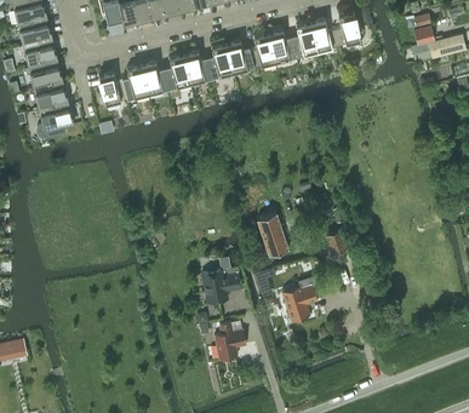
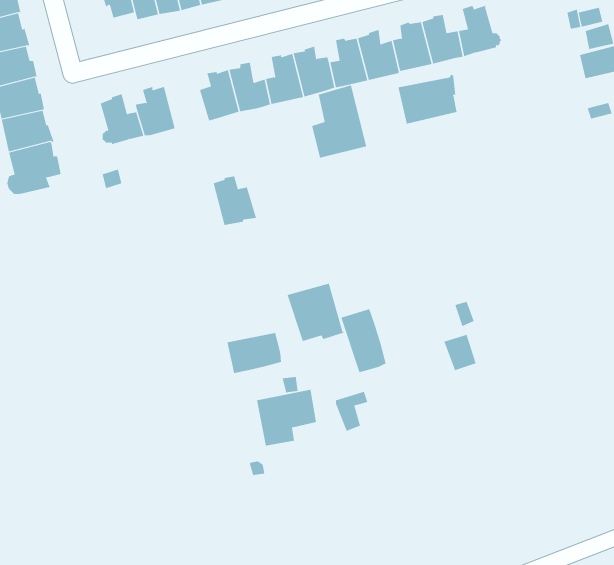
building: none -> [398,74,457,124]
building: [141,62,170,94] -> [213,176,257,225]
building: none -> [311,85,367,158]
building: none -> [287,283,345,342]
building: none -> [227,332,281,374]
building: [281,285,318,322] -> none
building: [215,321,246,361] -> none

